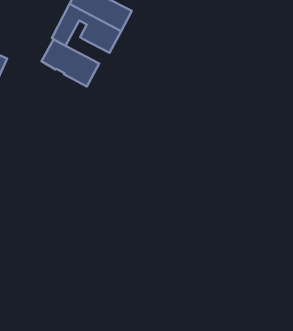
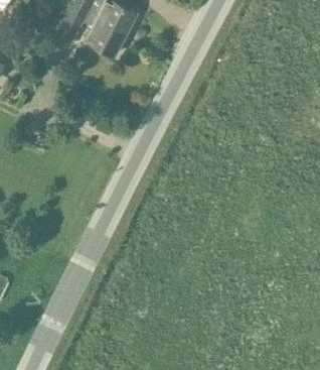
building: [42,40,99,87] -> none

